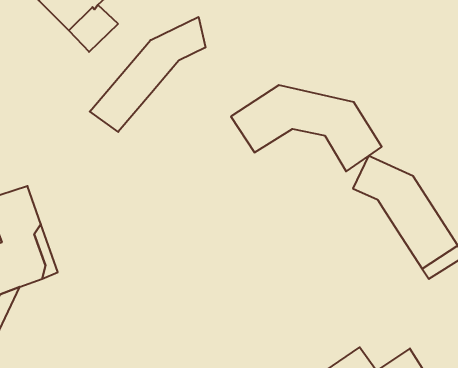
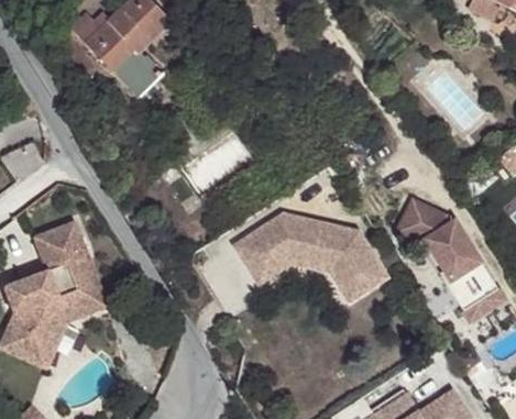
building: [90,17,205,132] -> none
building: [231,85,382,171] -> [234,216,383,300]

